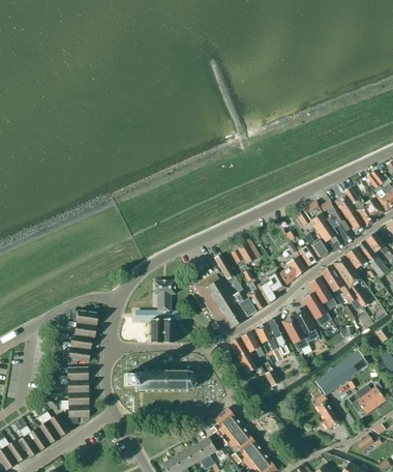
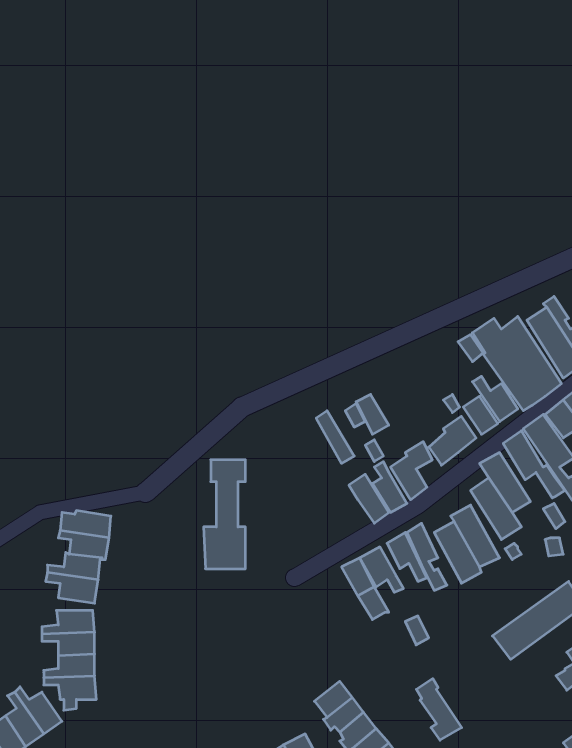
building: [194,273,245,328] -> none
building: [123,370,195,392] -> none
building: [313,394,339,430] -> [416,679,462,740]

